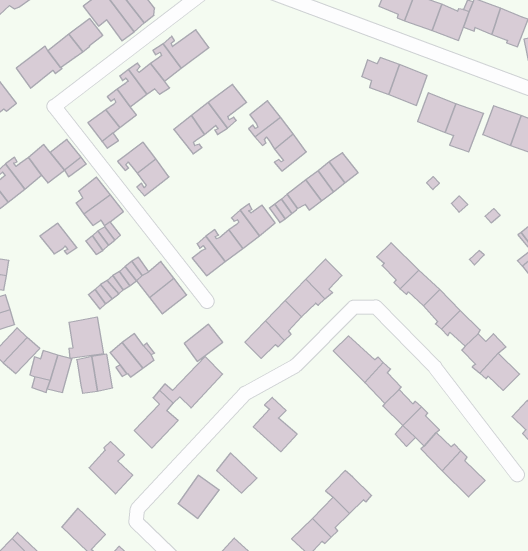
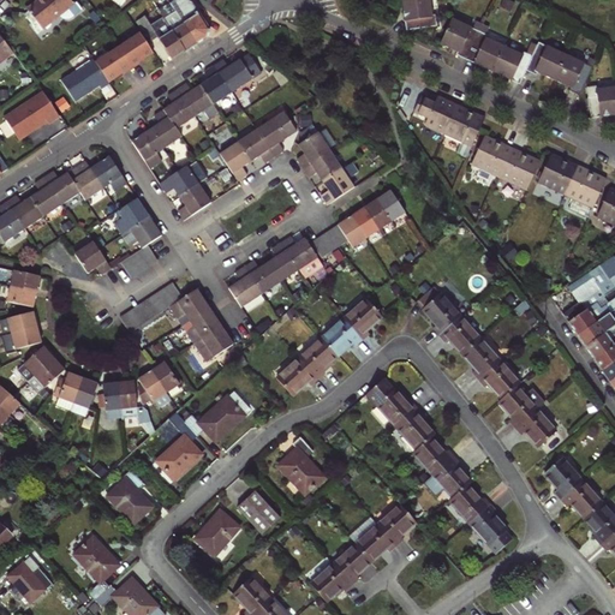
building: [69,317,103,359] -> none
building: [184,324,223,361] -> [193,324,233,362]
building: none -> [377,503,416,544]

